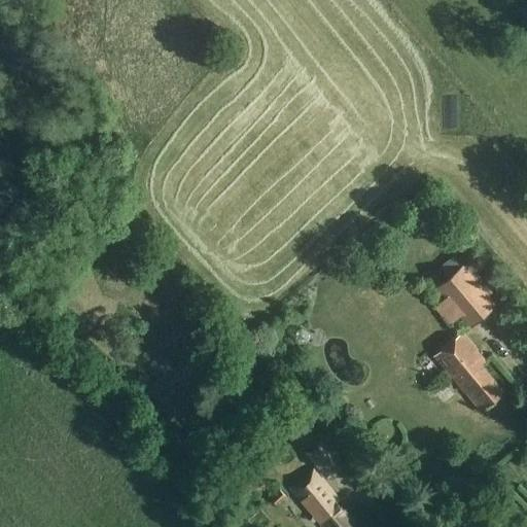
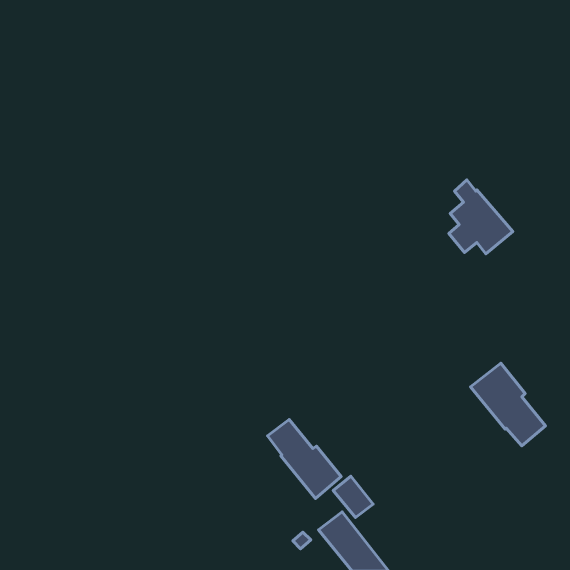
building: [436,258,495,326] -> [449,180,513,254]
building: none -> [267,419,341,499]

